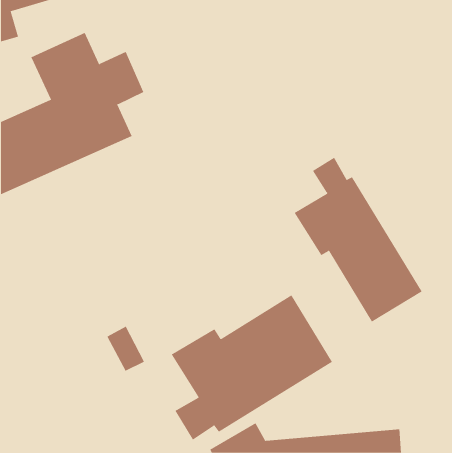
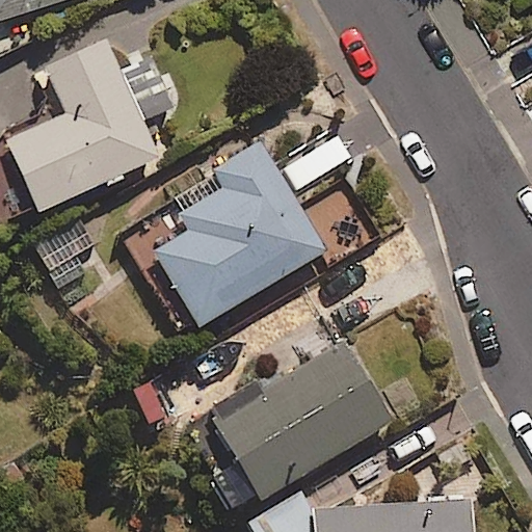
building: none -> [156,143,326,327]
building: [294,157,422,323] -> none

